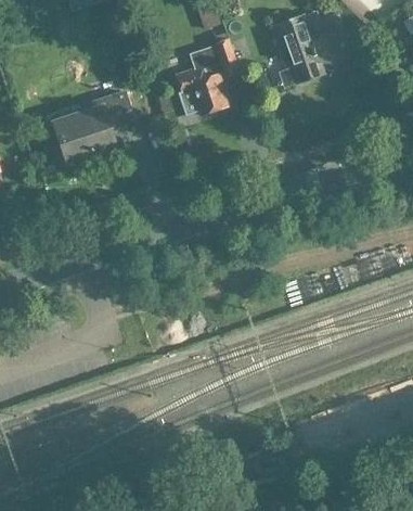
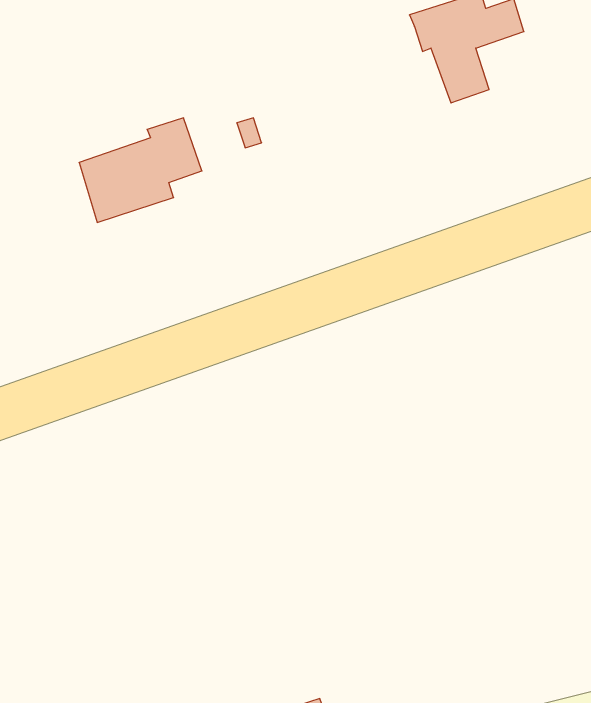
building: [176,38,240,114] -> none

